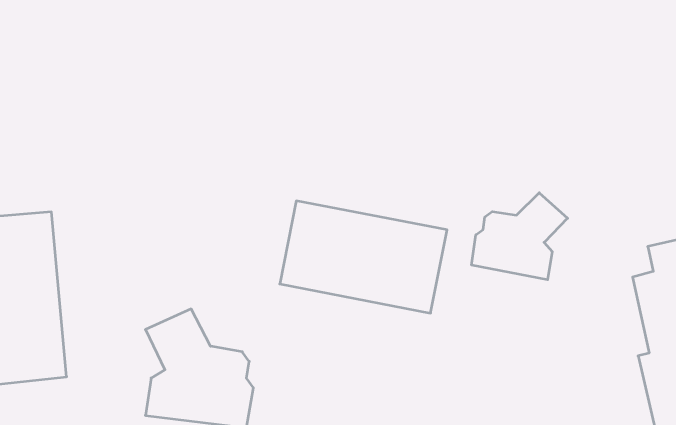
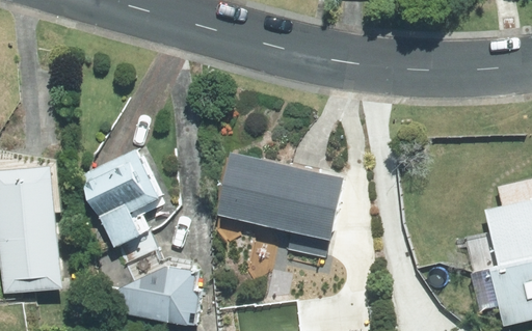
building: [472,193,568,280] -> none
building: none -> [79,148,160,246]

